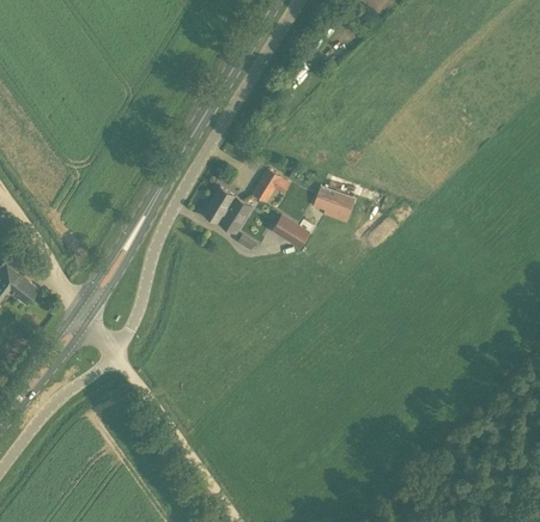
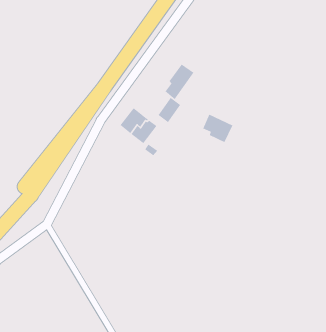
building: none -> [164,63,194,100]
building: [273,214,311,249] -> none

